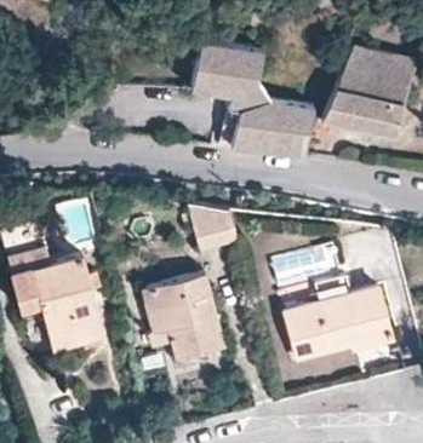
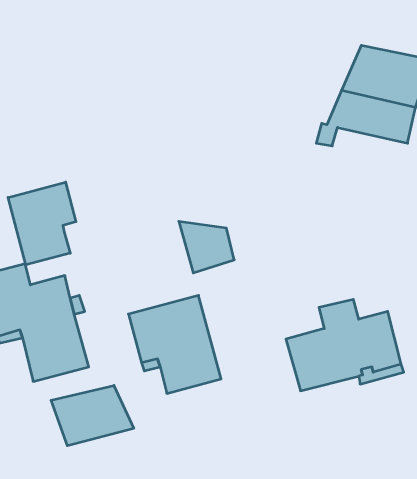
building: [193,38,315,155] -> none
building: none -> [8,182,76,265]
building: none -> [51,385,134,446]

